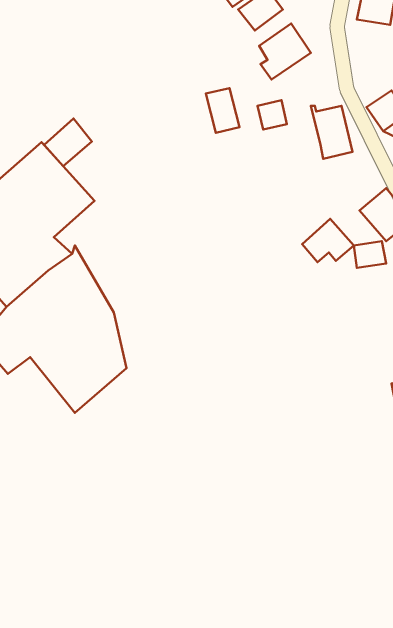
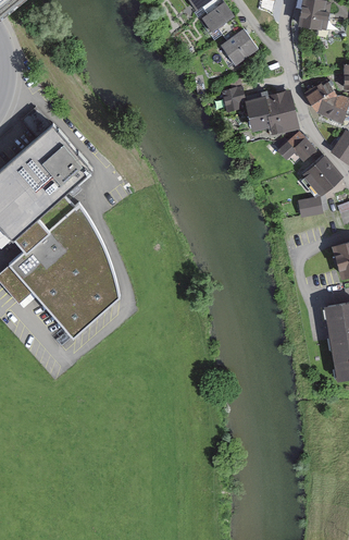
building: [206,88,239,133] -> [242,93,269,127]
building: [44,118,92,166] -> none
building: [302,219,354,262] -> [277,132,317,165]

